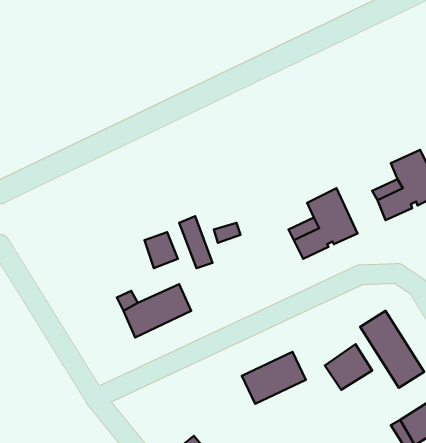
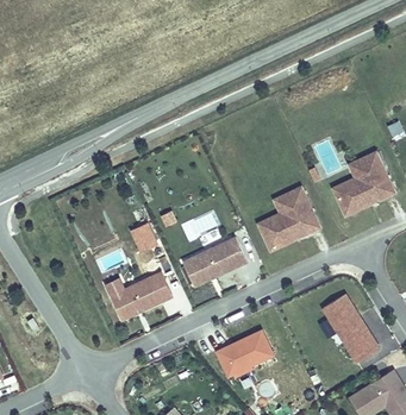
building: none -> [182,237,246,285]
building: [325,344,372,390] -> none

